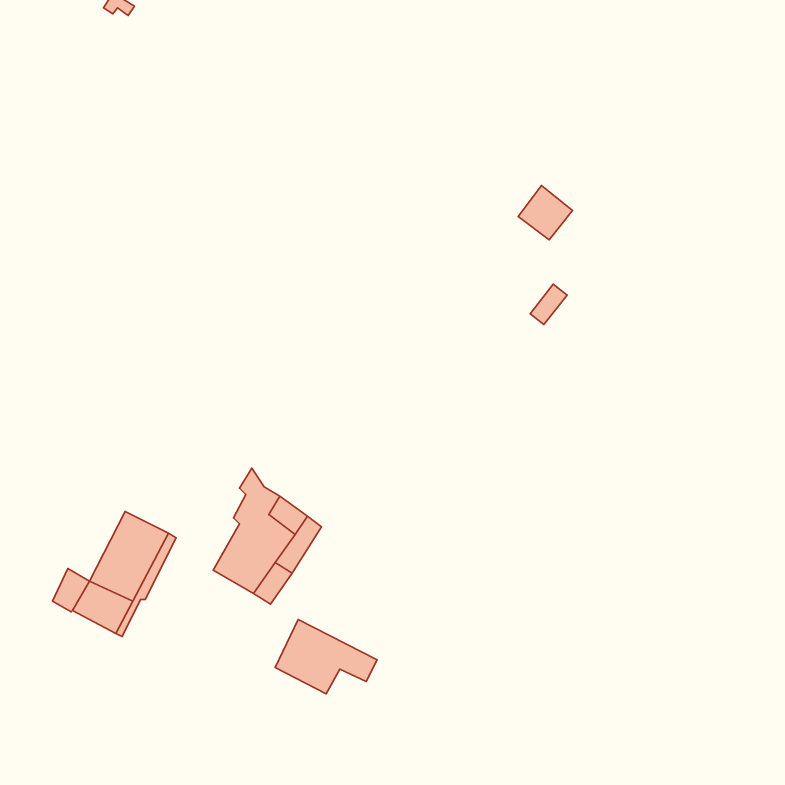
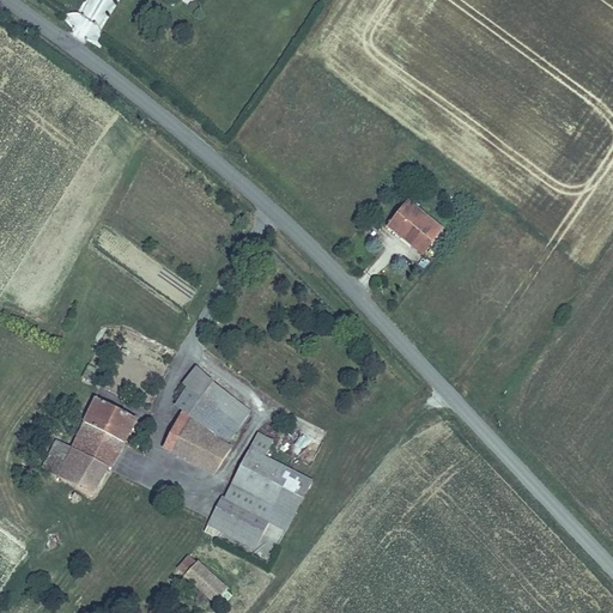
building: [518,186,572,240] -> [387,201,429,243]
building: none -> [231,431,309,511]
building: none -> [177,553,225,599]

